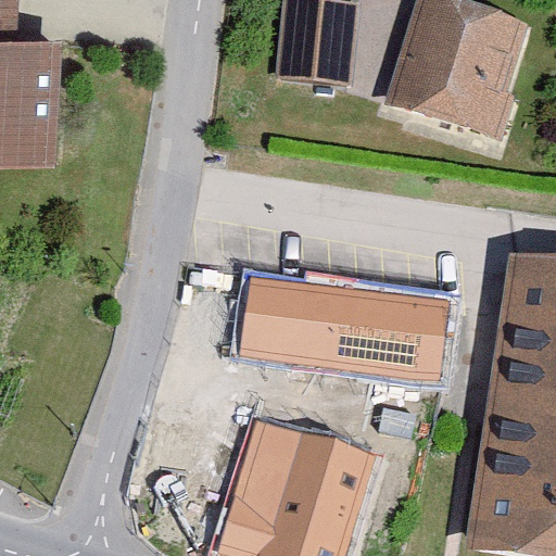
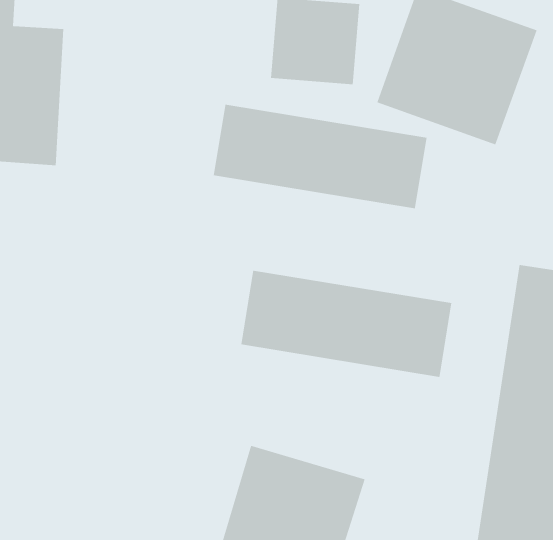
building: none -> [213,104,427,209]

